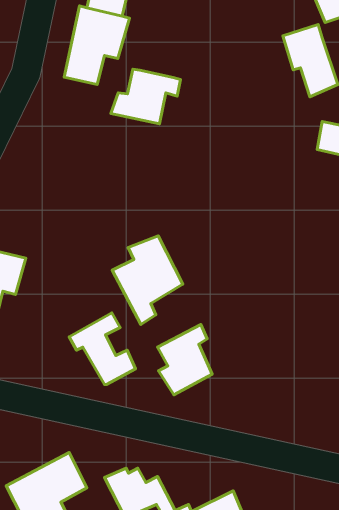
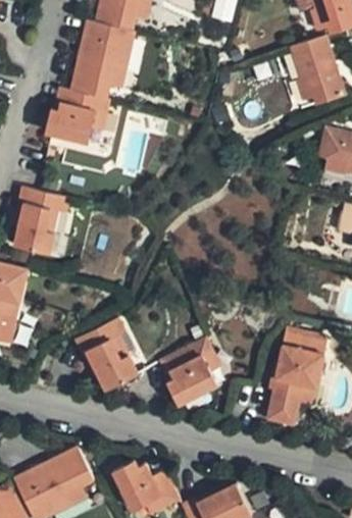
building: [111,69,180,124] -> [43,86,111,140]
building: none -> [16,185,70,254]
building: [112,236,183,324] -> none
building: none -> [266,339,323,422]

